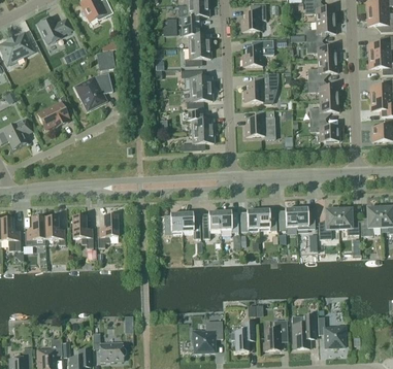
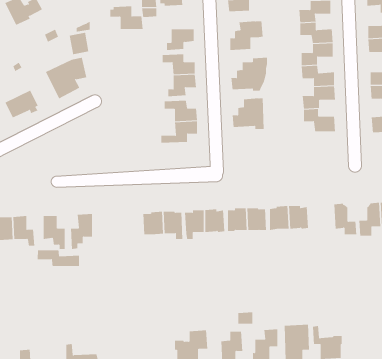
building: [179,25,210,46] -> [109,6,143,30]
building: [319,206,338,238] -> none
building: none -> [37,250,80,267]

